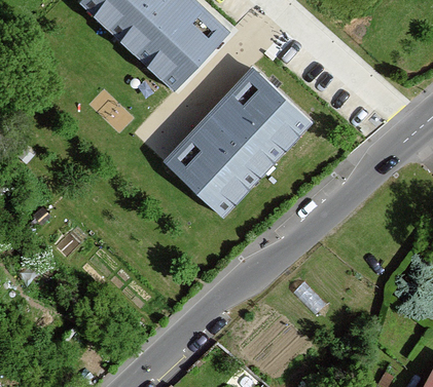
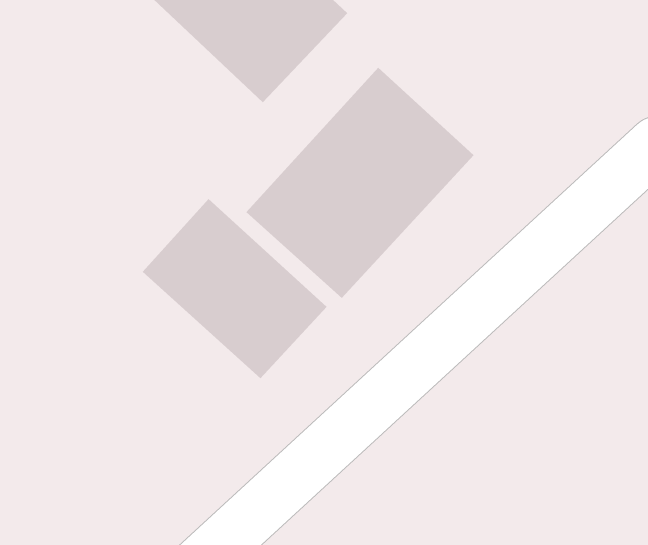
building: none -> [142,198,327,379]

